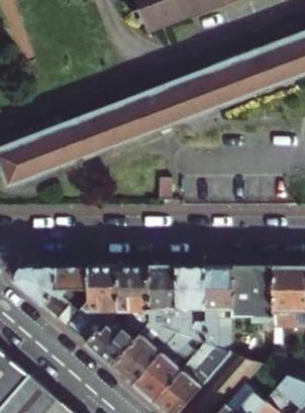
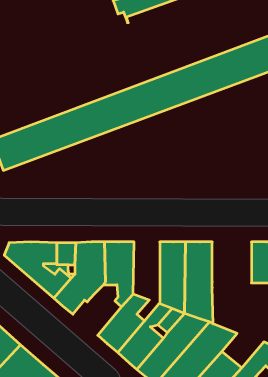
building: [146,264,175,329] -> none
building: [230,264,272,327] -> none
building: [83,318,134,363] -> none

